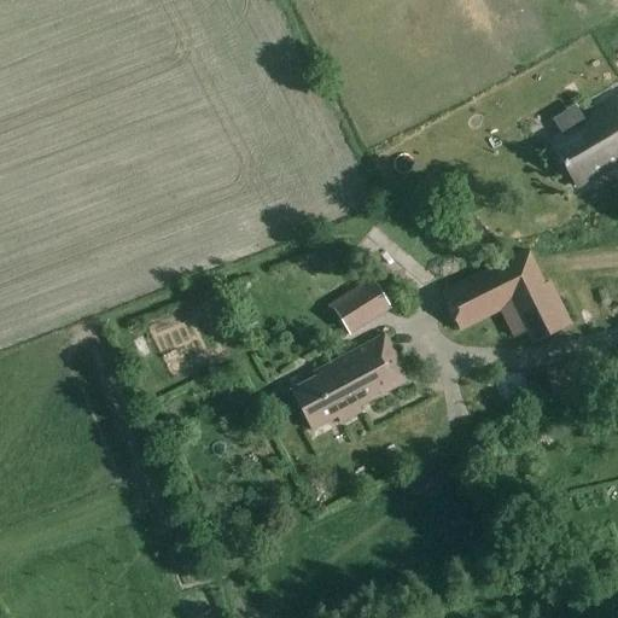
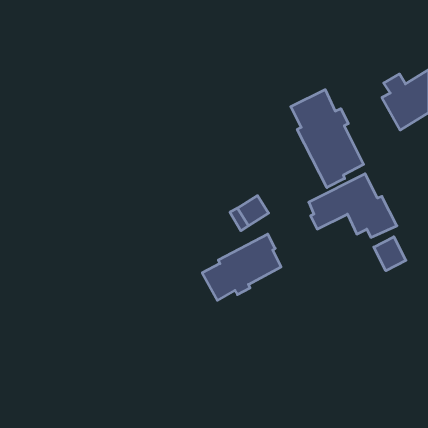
building: none -> [291,90,364,188]
building: none -> [374,237,406,271]

